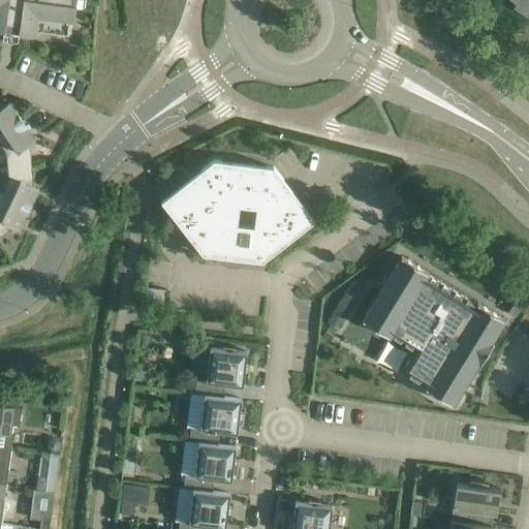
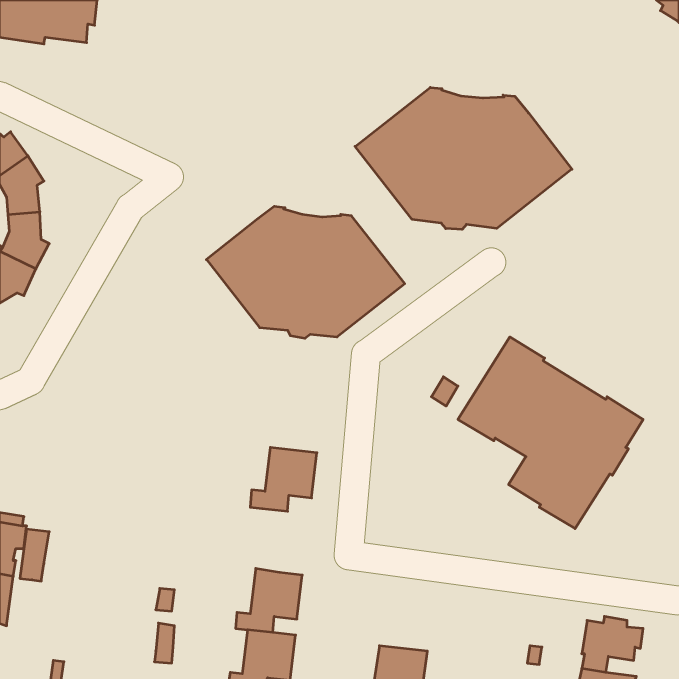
building: none -> [355,87,572,229]
building: [188,396,241,445] -> none
building: [35,453,58,493] -> [20,529,49,581]

